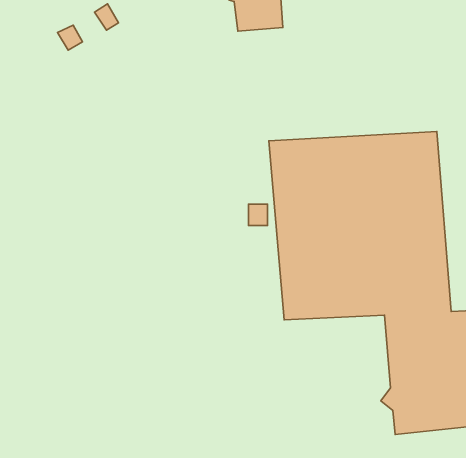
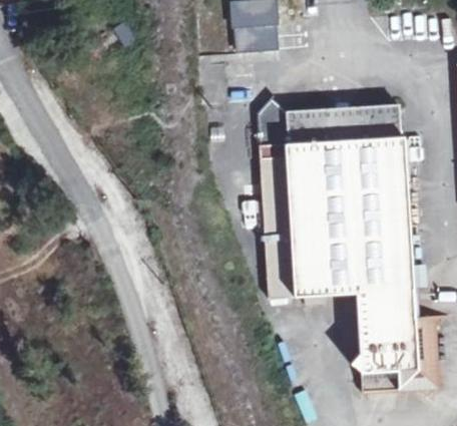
building: none -> [258,98,402,145]

